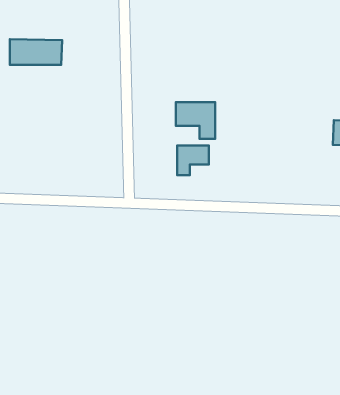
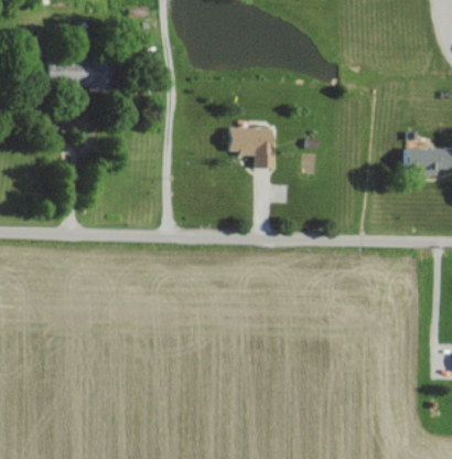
building: [177,145,209,175] -> none

